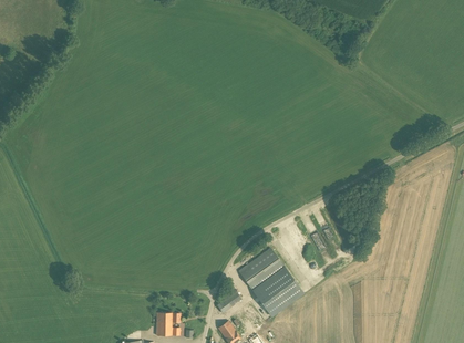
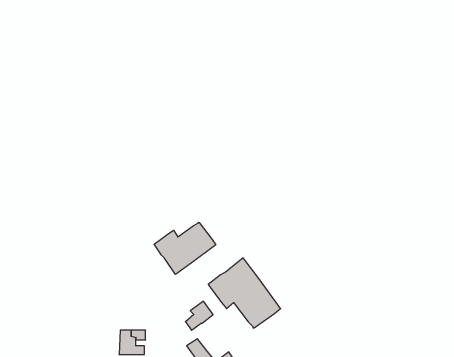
building: none -> [154,222,216,274]

